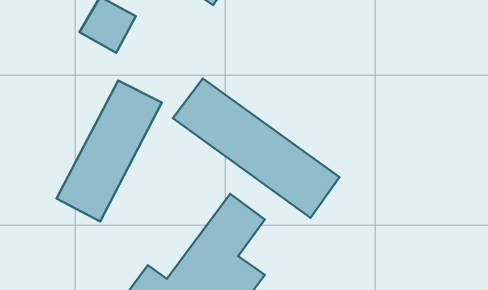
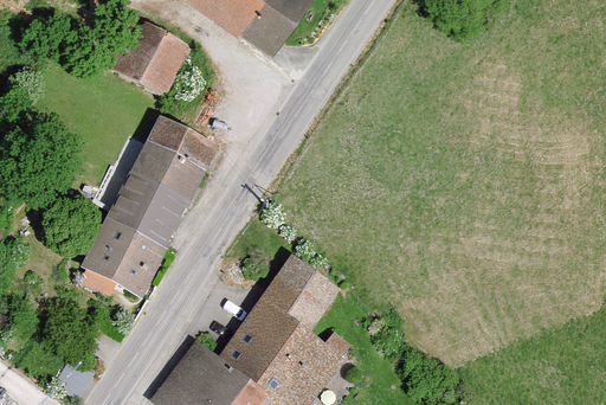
building: [173,78,340,218] -> none

